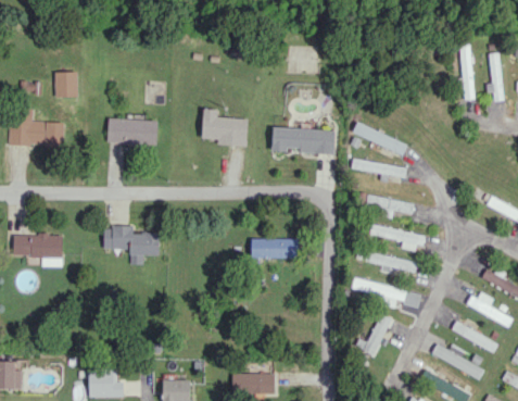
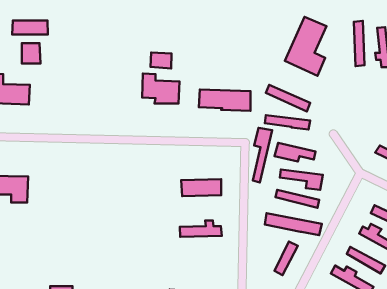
building: none -> [285,17,326,76]
building: none -> [12,20,48,35]
building: none -> [151,53,172,68]
building: [108,118,157,146] -> none
building: none -> [253,128,272,182]
building: [104,226,160,264] -> none
building: none -> [180,221,222,237]

